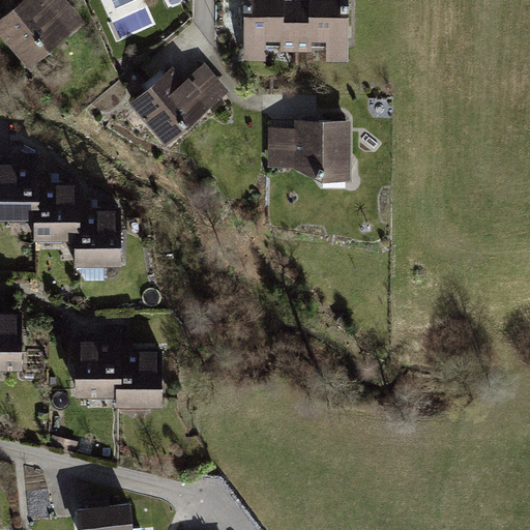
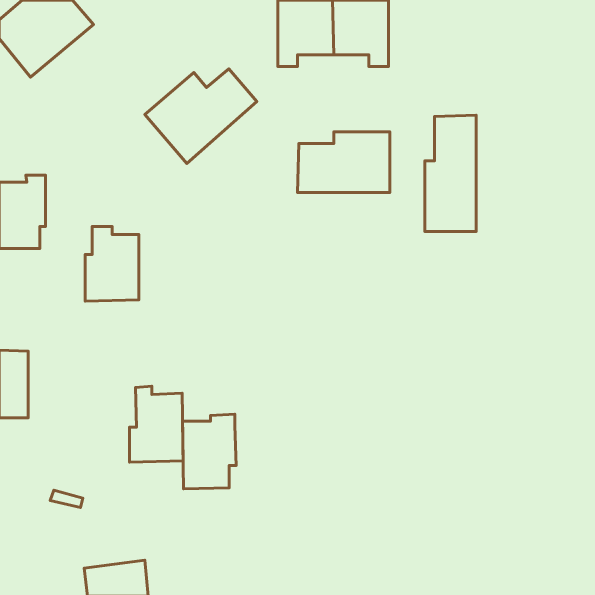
building: none -> [425,115,476,231]
building: [35,176,82,243] -> none
building: [73,334,121,401] -> [182,414,236,489]

